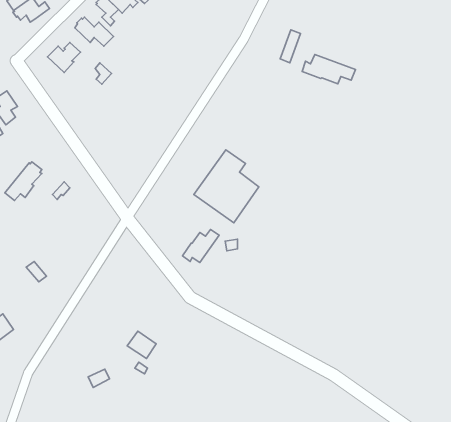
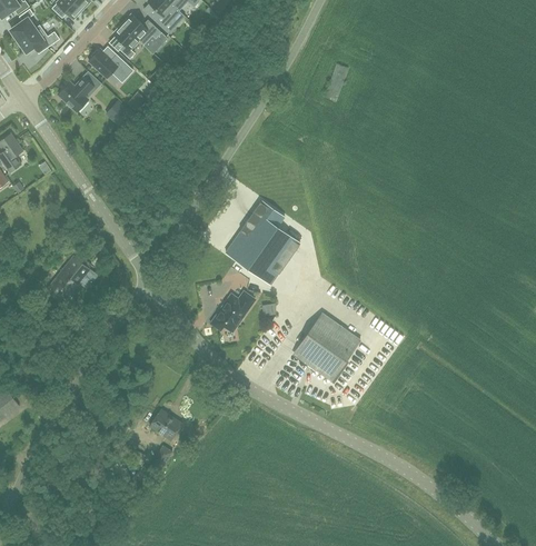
building: [302,55,356,84] -> none
building: [5,162,42,201] -> [46,254,88,298]
building: none -> [295,311,359,377]

